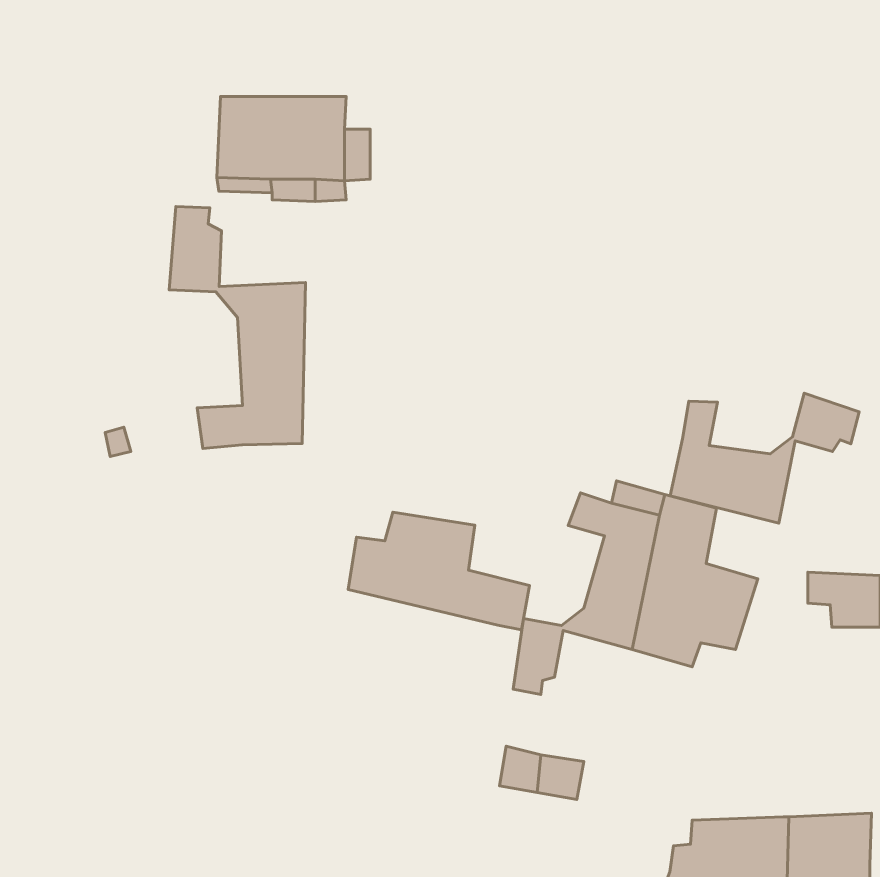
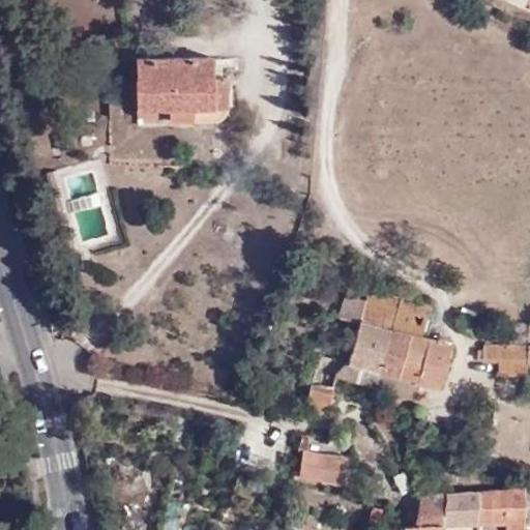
building: [169,206,305,448] -> none
building: [670,393,859,523] -> none
building: [348,512,530,630] -> none

